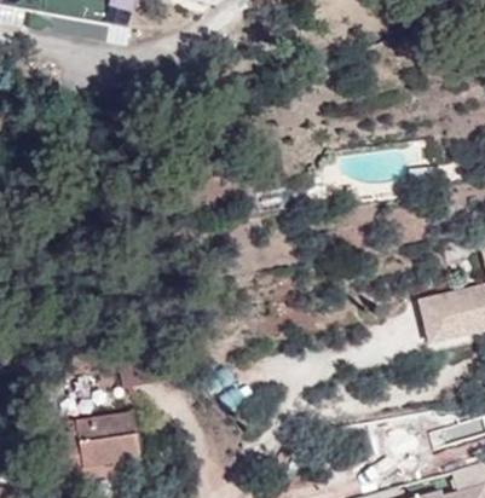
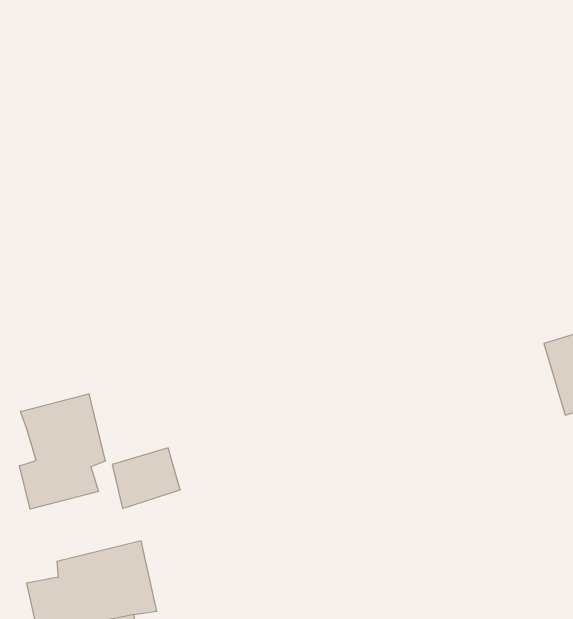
building: none -> [19,394,105,509]

